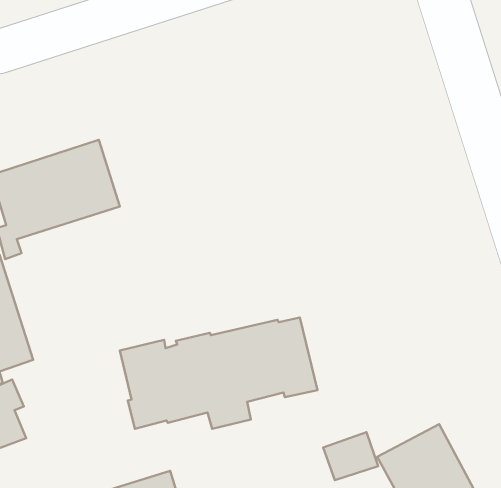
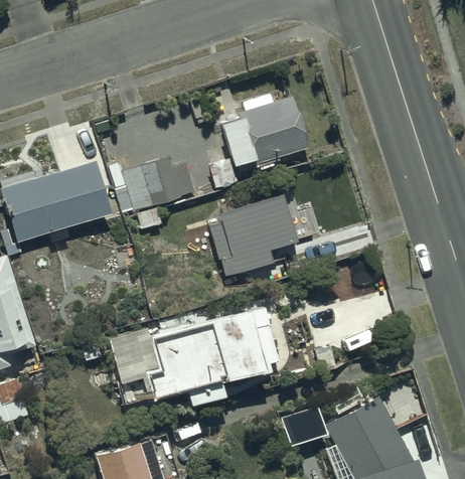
building: none -> [209,94,307,187]
building: none -> [118,156,195,212]
building: none -> [188,184,304,285]

